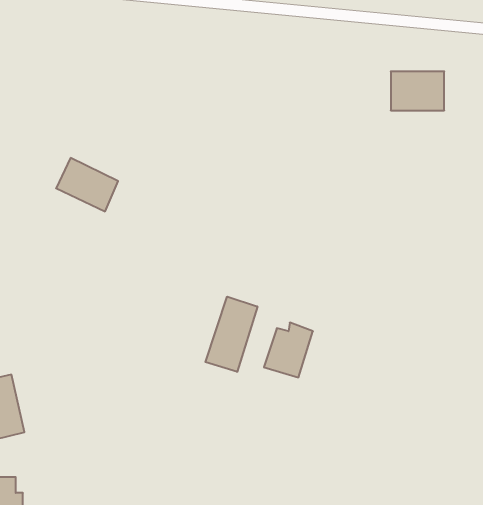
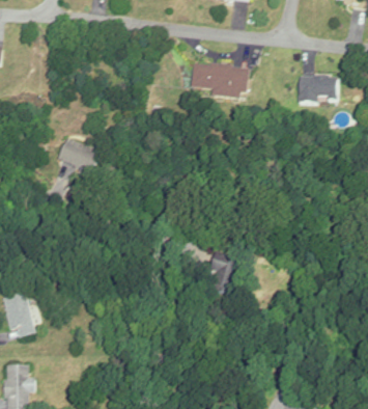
building: none -> [189,59,249,99]
building: [205,297,257,372] -> none

